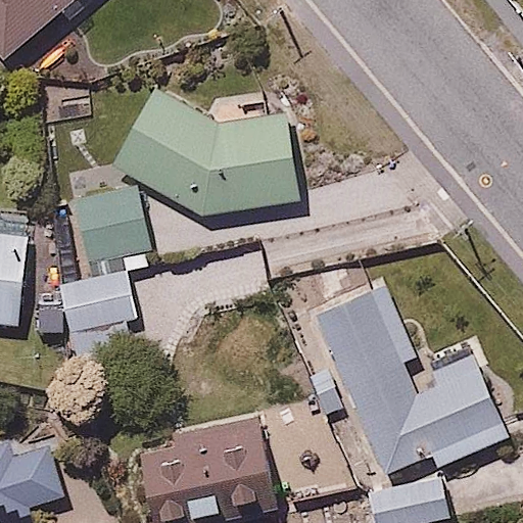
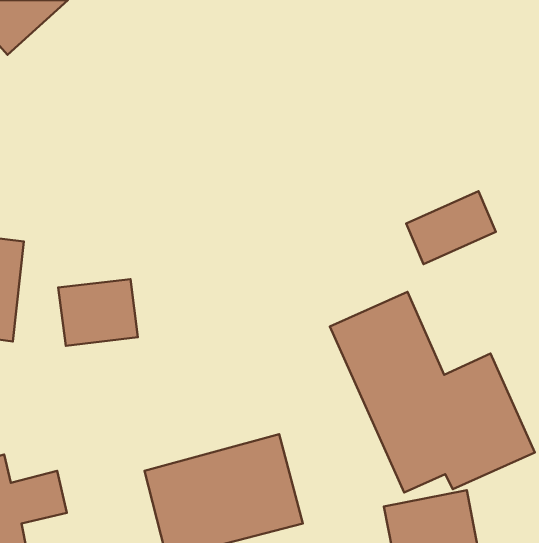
building: [114,92,300,215] -> none
building: [67,187,151,266] -> none
building: none -> [406,191,496,264]

